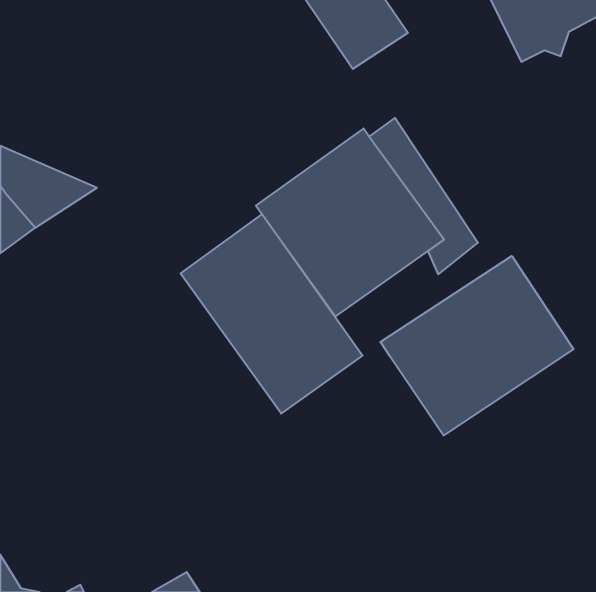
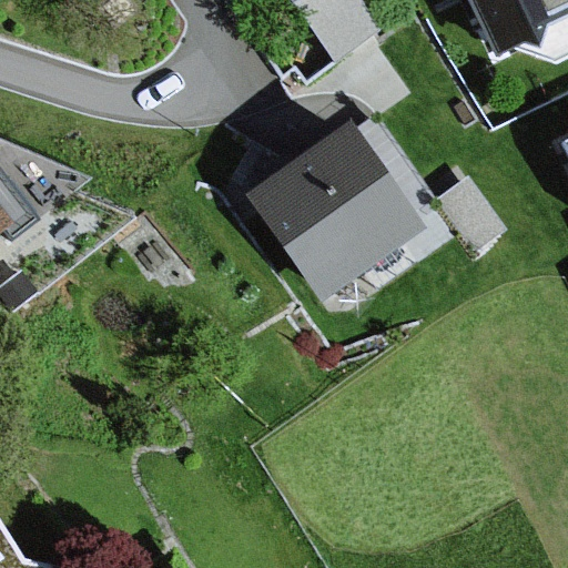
building: [181,214,363,414] -> none
building: [380,256,574,435] -> none

